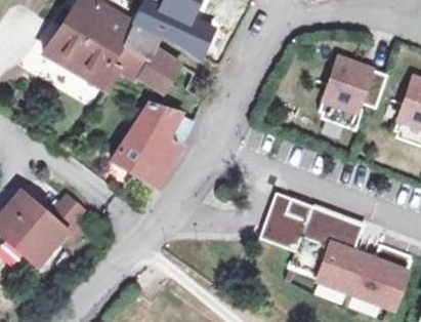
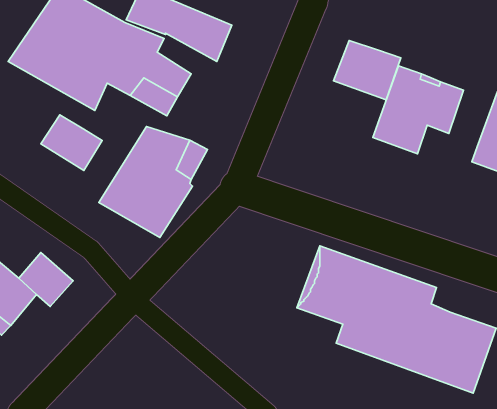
building: none -> [334,41,401,100]
building: none -> [41,115,102,171]

